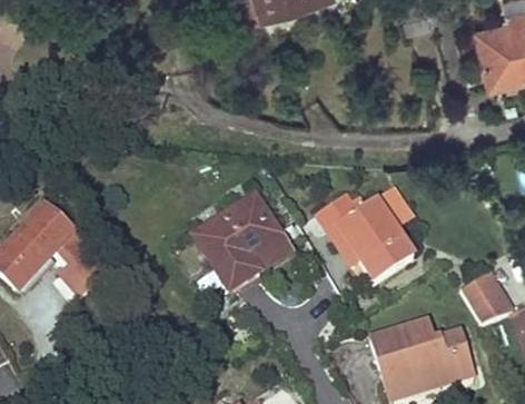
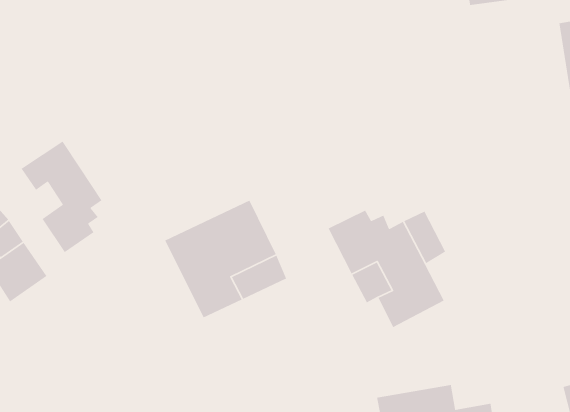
building: none -> [20,140,102,253]
building: [462,275,512,325] -> none

